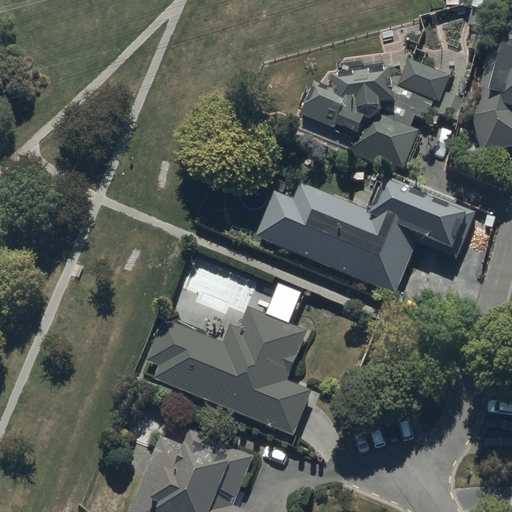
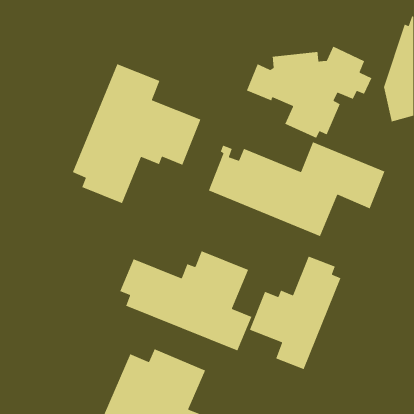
building: none -> [72,63,202,204]
building: none -> [249,255,341,370]

